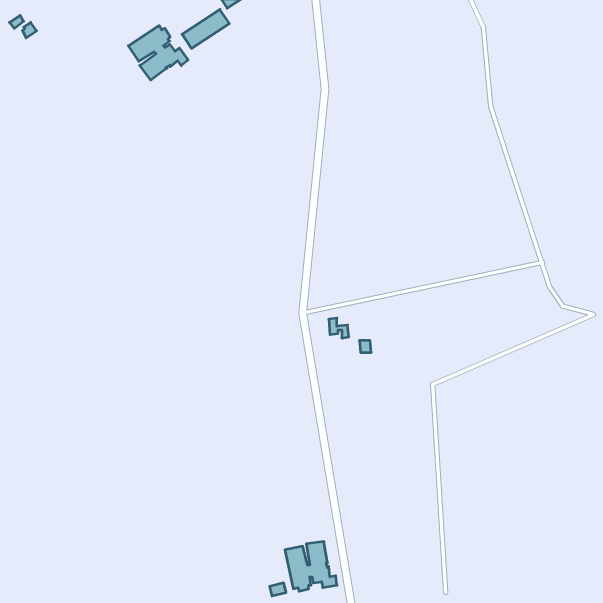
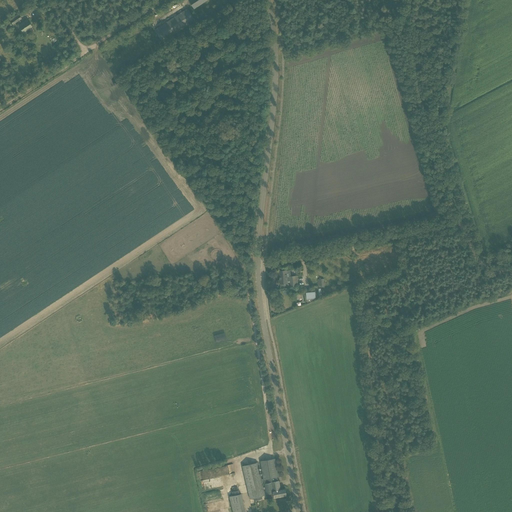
building: [128,26,188,80] -> none

